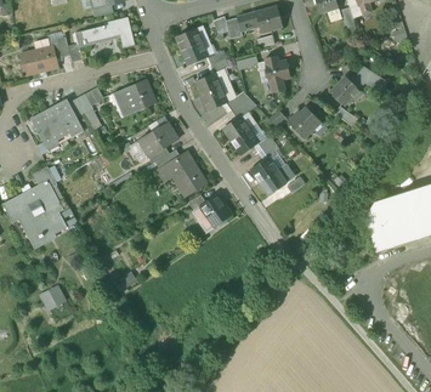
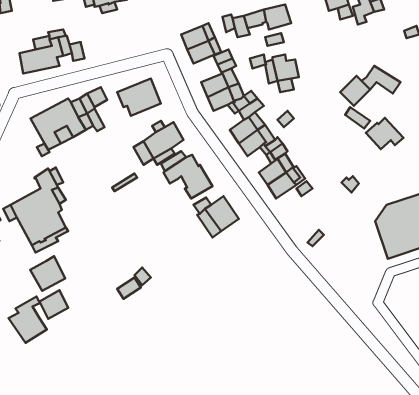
building: [81,17,135,47] -> none
building: [289,107,325,137] -> [366,118,403,149]
building: none -> [30,256,65,291]
building: none -> [8,297,47,343]

